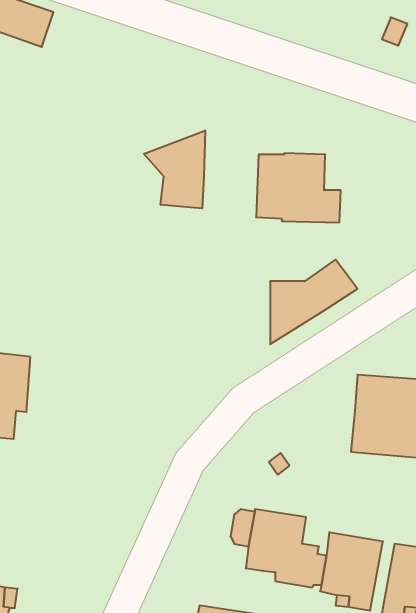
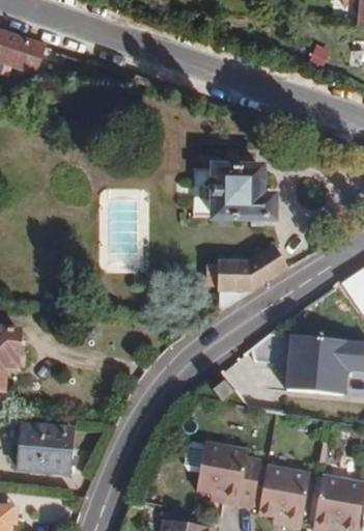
building: [144,130,205,208] -> none
building: none -> [19,422,74,472]

